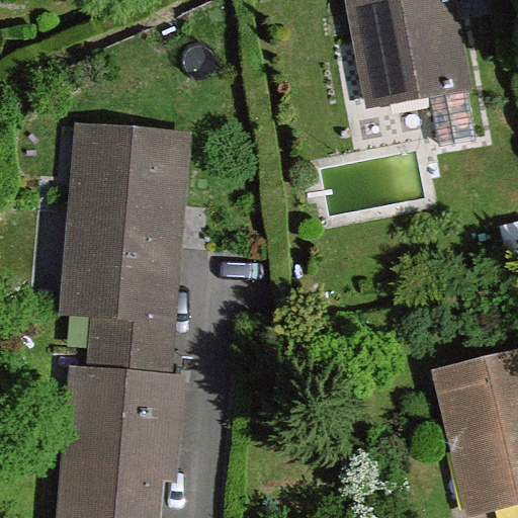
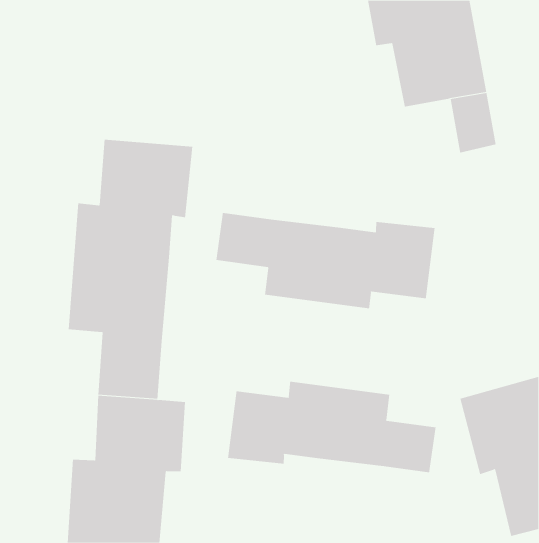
building: none -> [216,212,435,309]
building: none -> [228,381,436,473]

